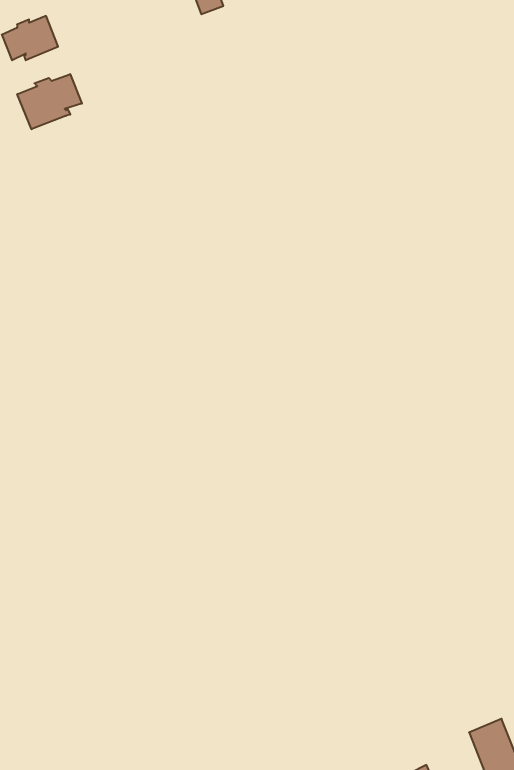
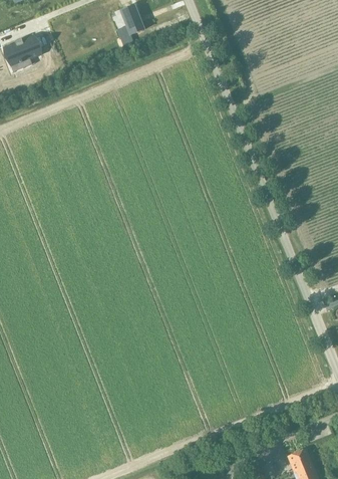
building: [17,74,82,129] -> none

